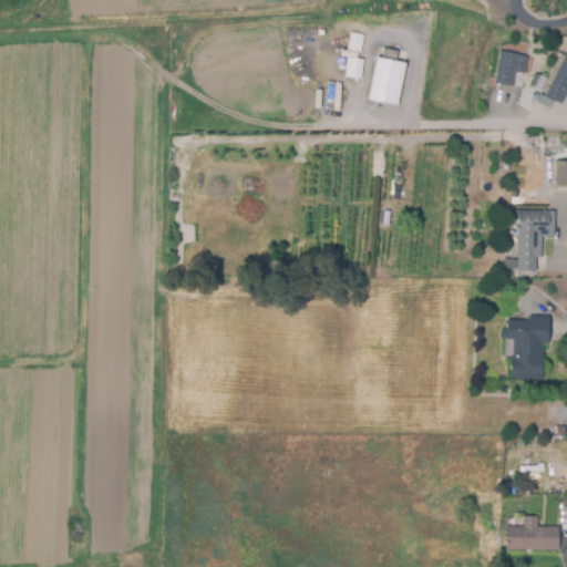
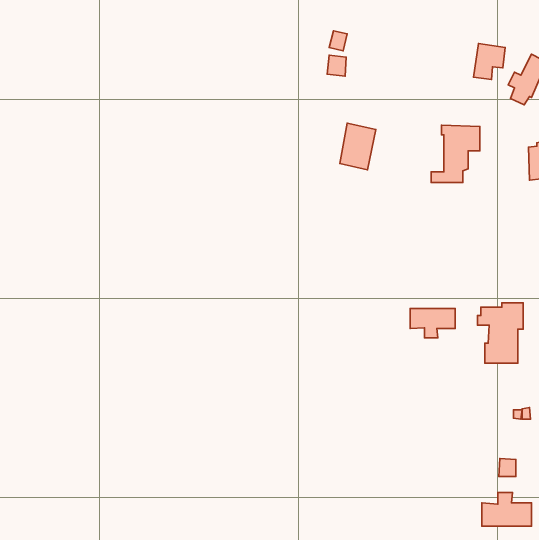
building: [371,56,409,105] -> [340,123,376,170]
building: [504,210,555,270] -> [431,125,480,183]
building: none -> [410,309,455,338]

